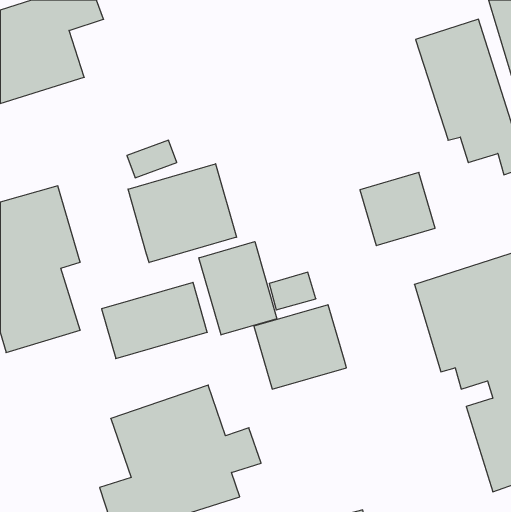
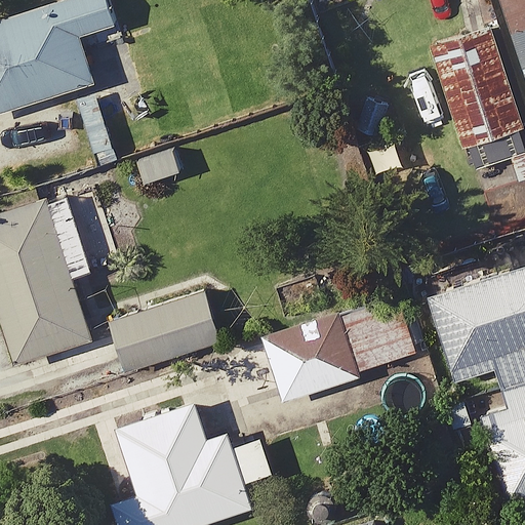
building: [128,164,237,263] -> none
building: [360,172,435,246] -> [339,297,415,371]
building: [199,242,277,335] -> none

